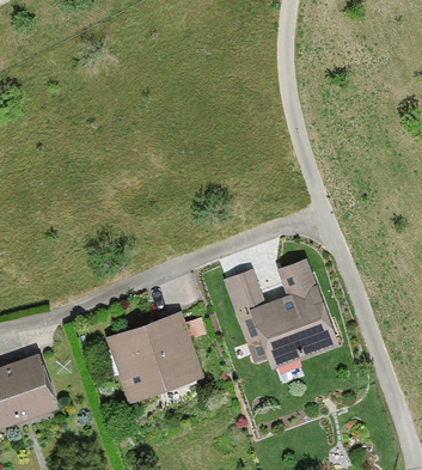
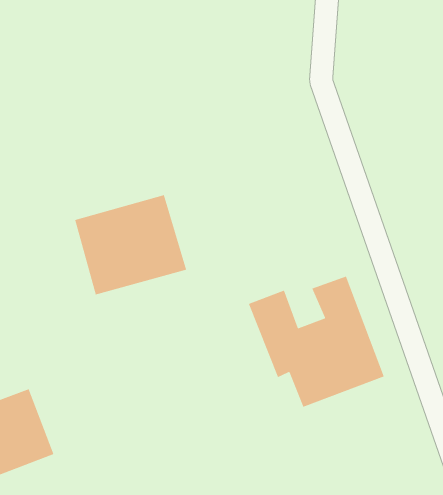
building: [106,313,202,399] -> [74,194,187,296]

